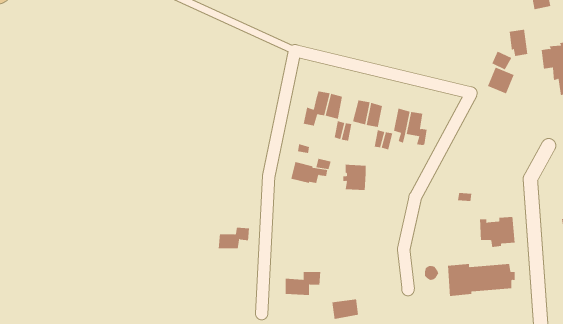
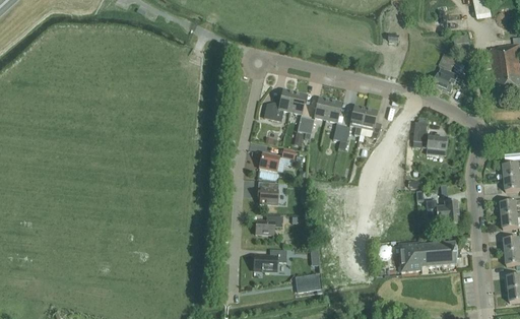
building: none -> [412,121,446,154]
building: [343,164,367,191] -> [257,181,278,204]
building: [218,227,250,249] -> [255,214,283,234]

